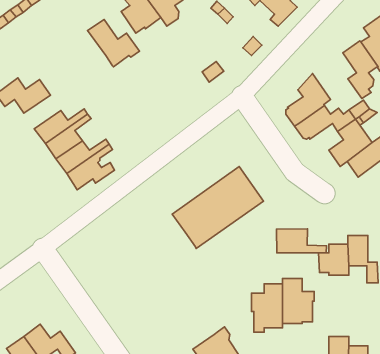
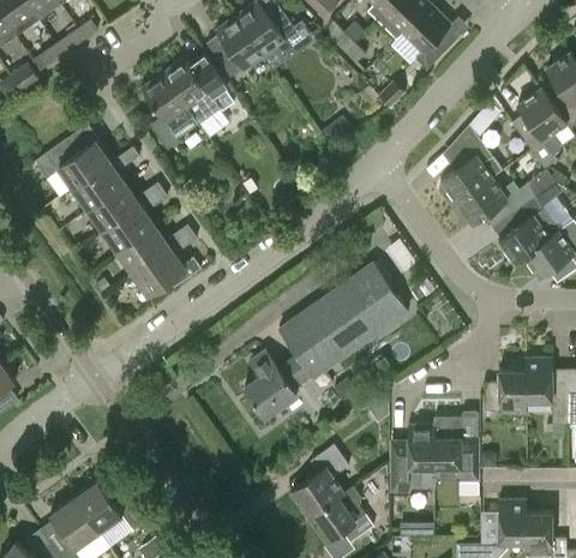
building: none -> [140,73,197,150]
building: none -> [73,148,138,210]
building: none -> [244,348,312,416]
building: [277,229,327,253] -> none
building: none -> [290,444,348,517]

